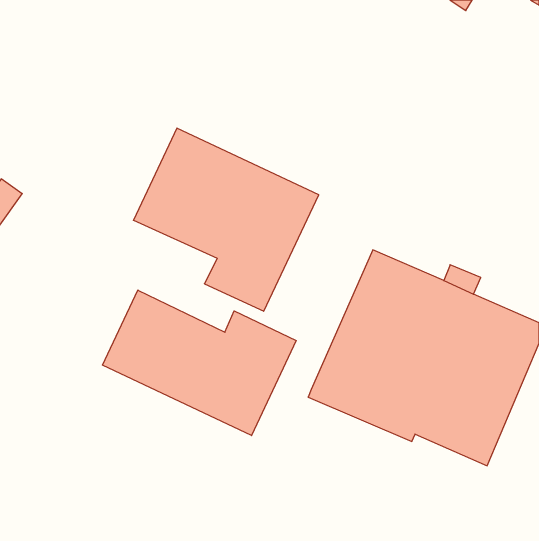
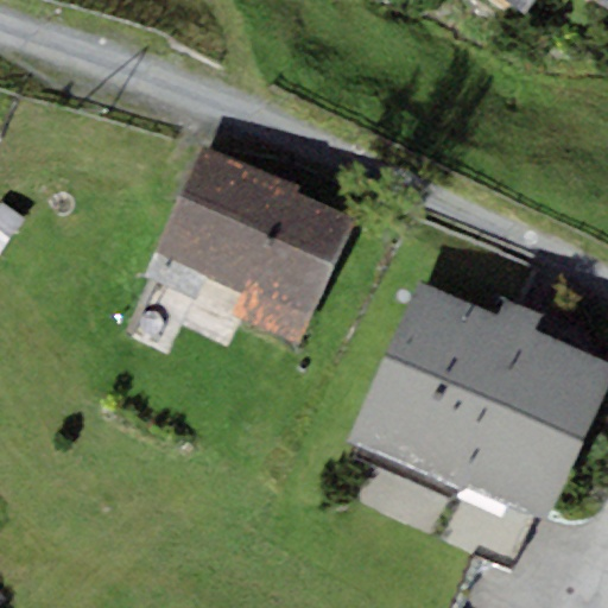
building: [102,290,296,436] -> none

